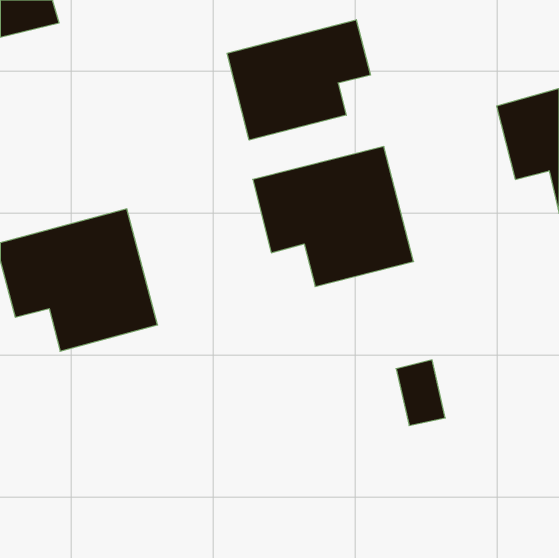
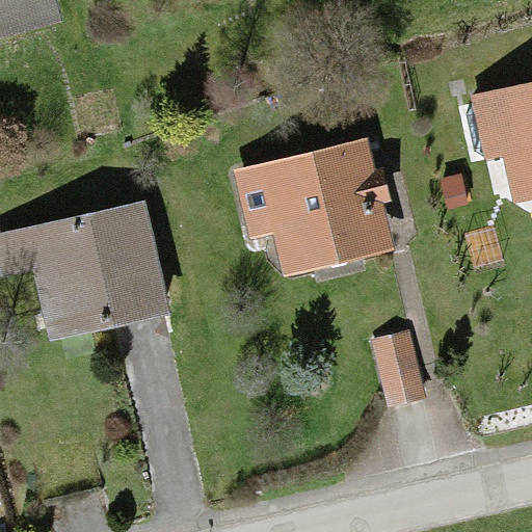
building: [227,20,370,140] -> none

